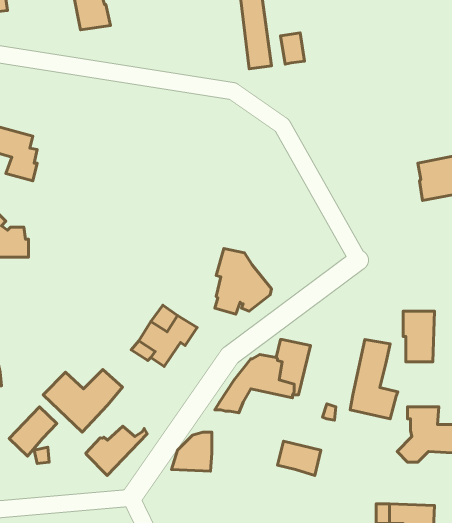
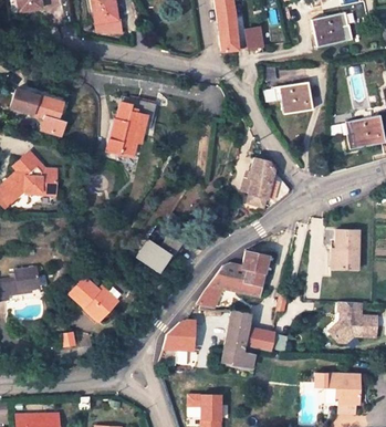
building: none -> [312,13,352,46]
building: none -> [278,83,312,114]
building: none -> [106,96,156,155]
building: [215,249,272,314] -> [247,158,289,207]
building: [350,340,398,419] -> [220,310,255,368]
building: [9,407,57,456] -> none
building: [86,426,147,476] -> none

